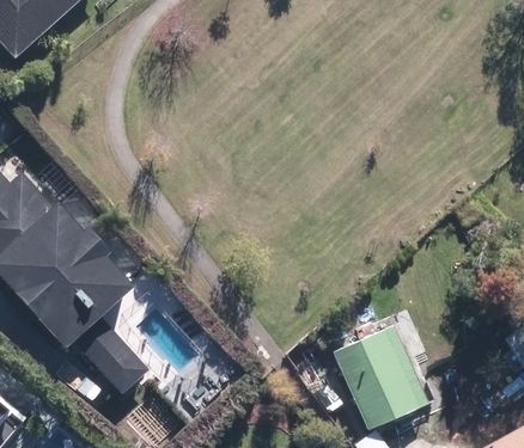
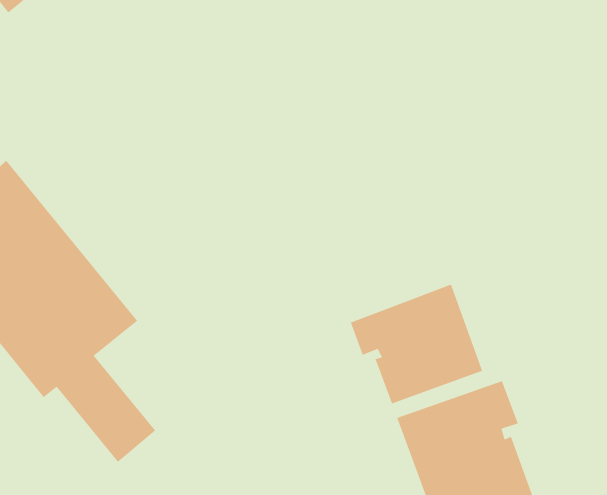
building: none -> [350,284,483,405]

